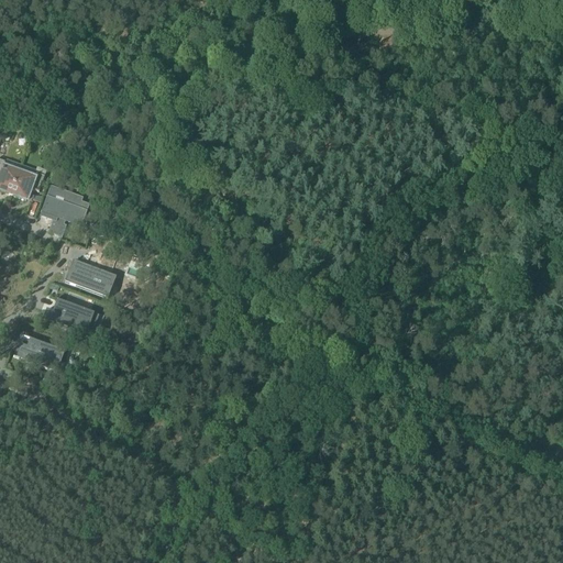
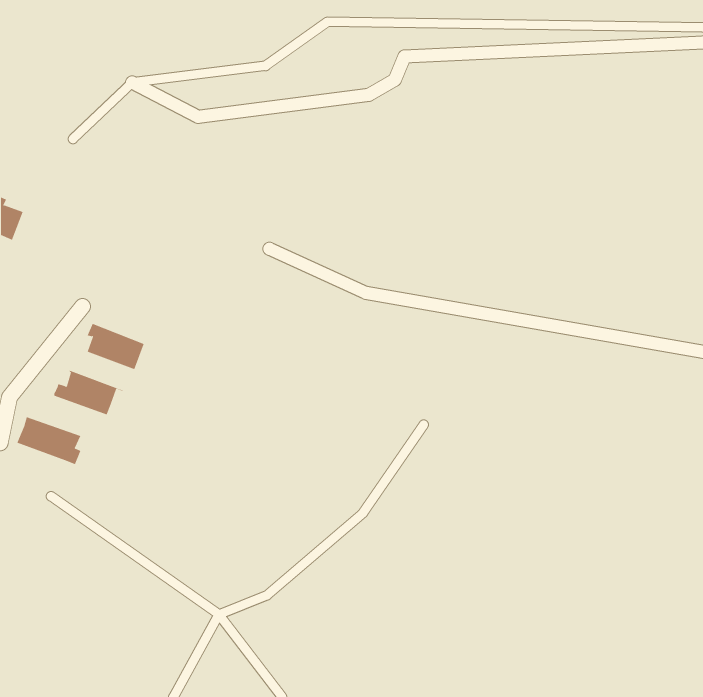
building: [10,165,46,198] -> none
building: [40,183,89,234] -> none

